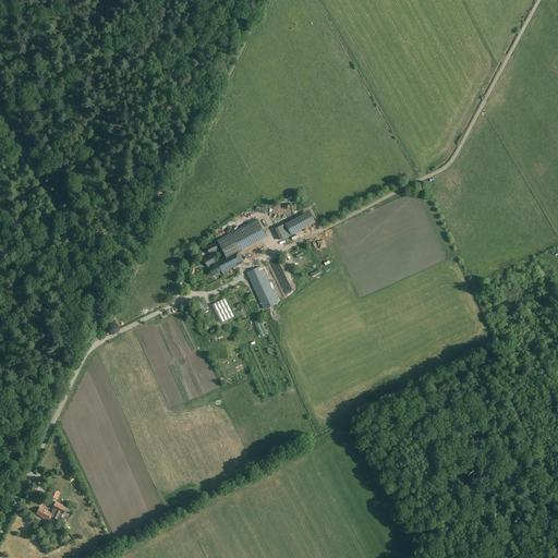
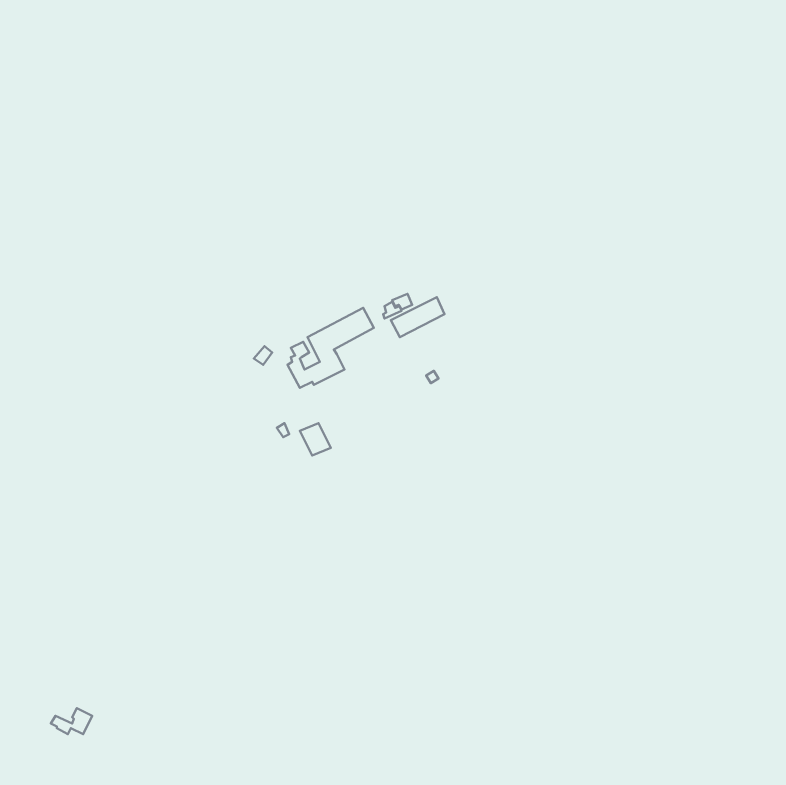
building: [247,266,278,308] -> none

